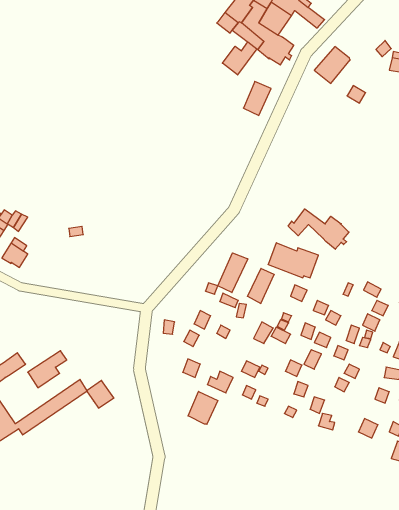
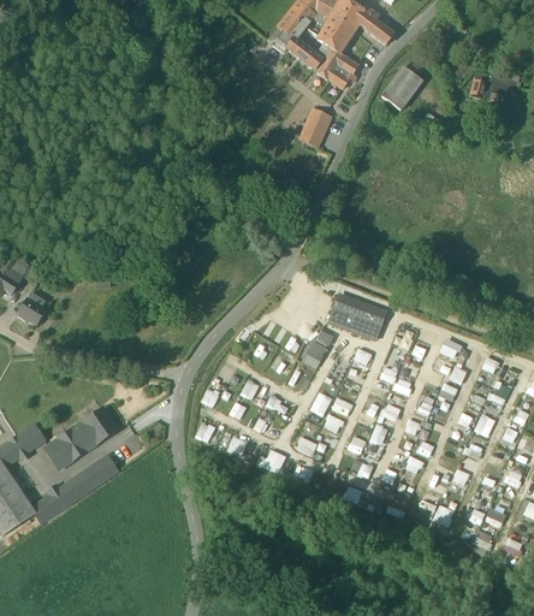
building: [222,42,257,75] -> none
building: [288,209,349,249] -> none
building: [218,253,248,293] -> none
building: [87,380,114,408] -> [84,410,115,443]
building: [188,391,218,424] -> none

